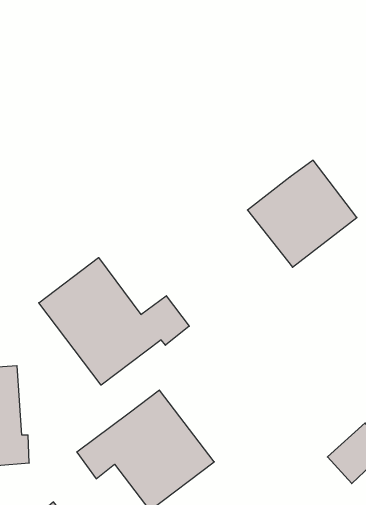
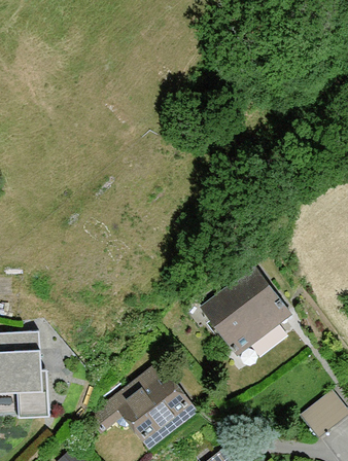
building: [247,160,357,267] -> [198,268,290,358]
building: [39,258,189,385] -> none

